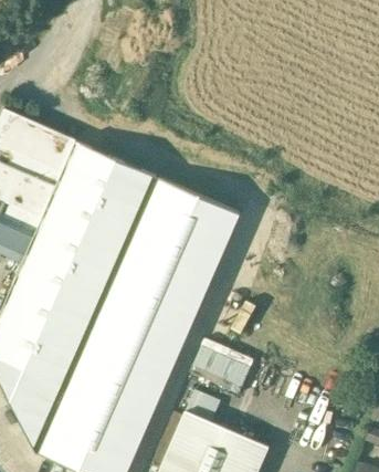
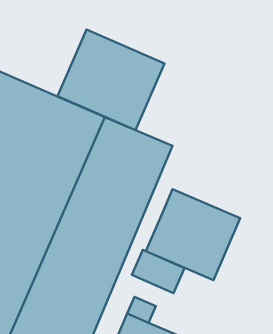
building: none -> [57,29,165,130]
building: none -> [146,189,240,280]

